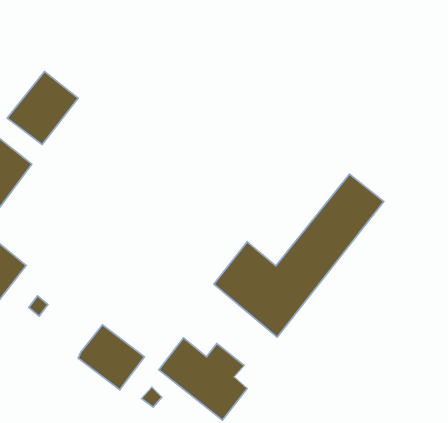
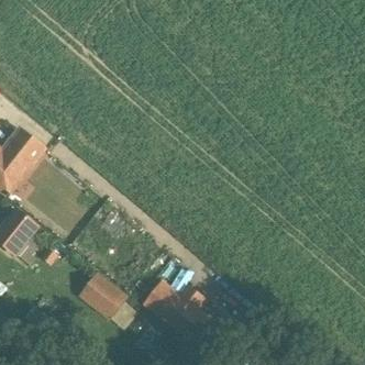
building: [7,71,78,144] -> none
building: [214,174,384,337] -> none

